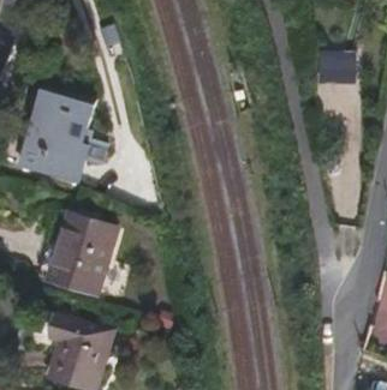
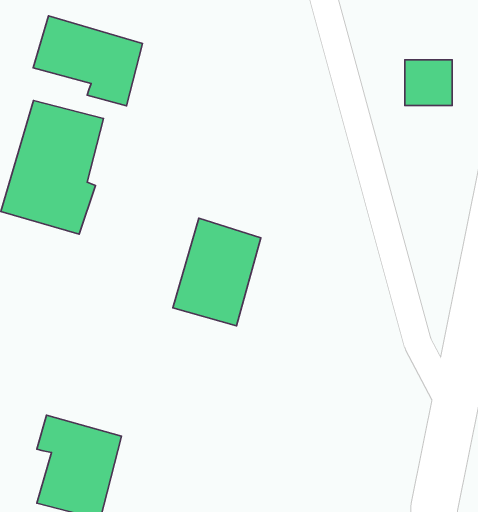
building: none -> [33,16,143,106]
building: [46,211,111,290] -> [173,218,261,326]

